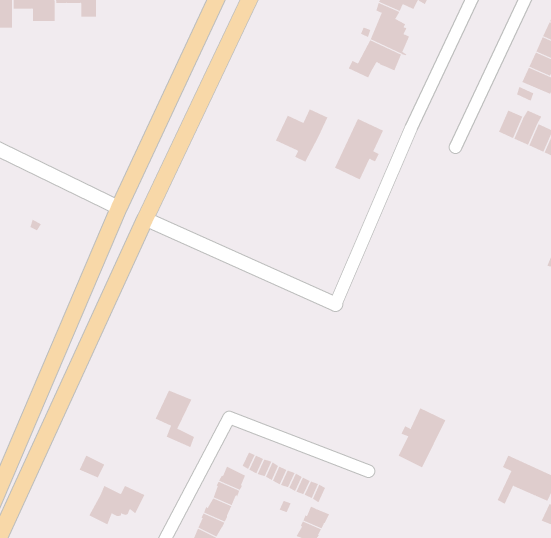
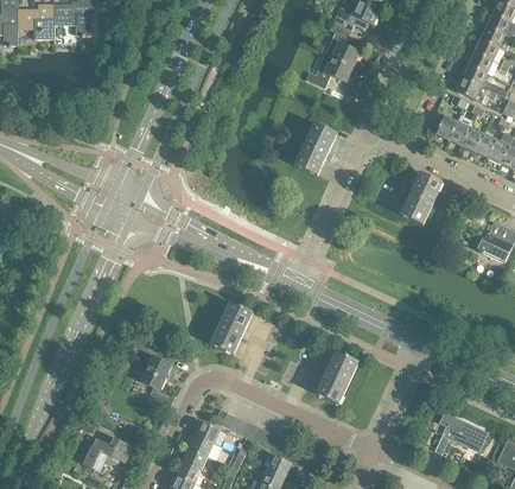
building: [275,108,328,163] -> none
building: none -> [400,172,443,226]
building: none -> [211,301,253,355]
building: [398,408,446,468] -> [317,351,358,404]

